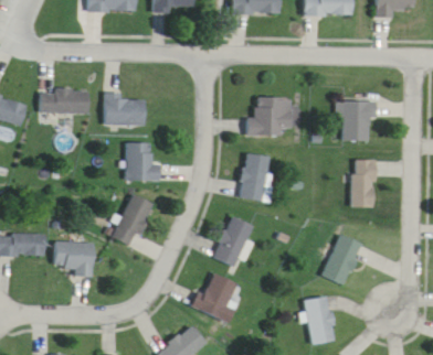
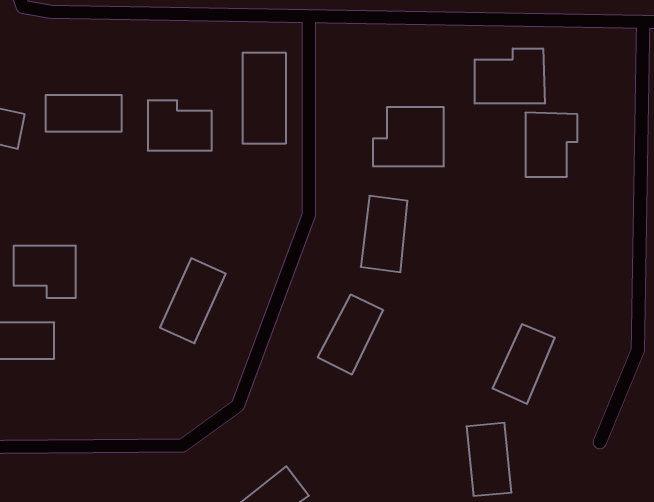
building: none -> [475,48,545,104]
building: none -> [243,53,286,144]
building: [126,142,161,180] -> none
building: [353,160,377,208] -> none
building: [53,243,93,276] -> [14,246,76,298]
building: [191,273,237,323] -> none

